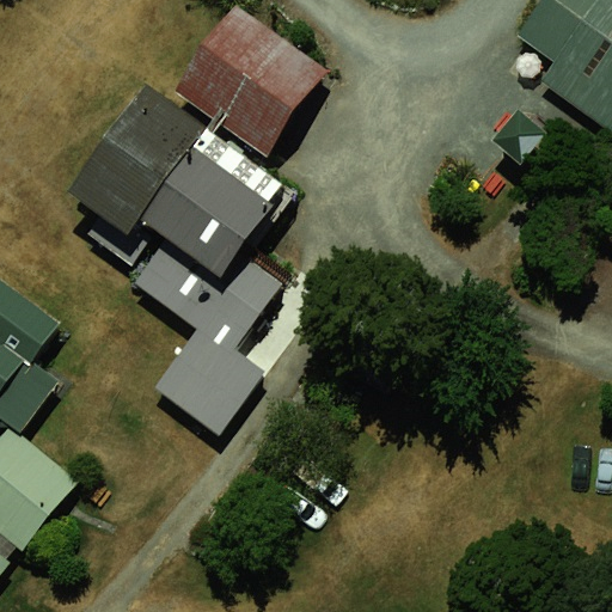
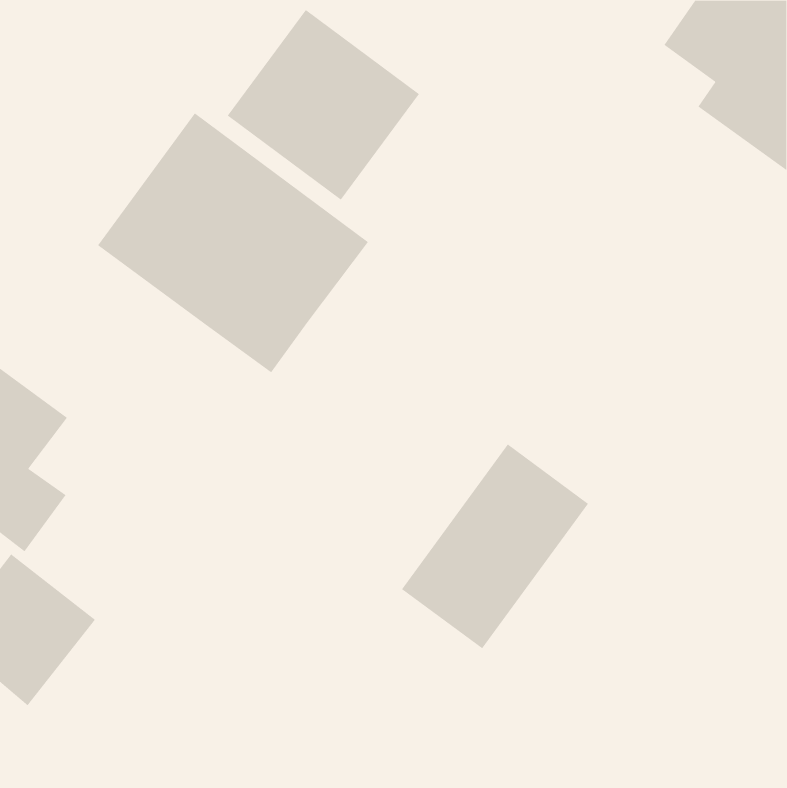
building: [134,250,281,435] -> none
building: none -> [401,444,589,649]

